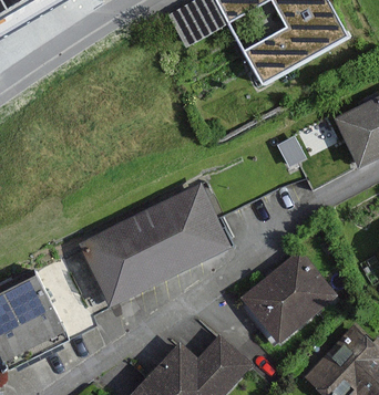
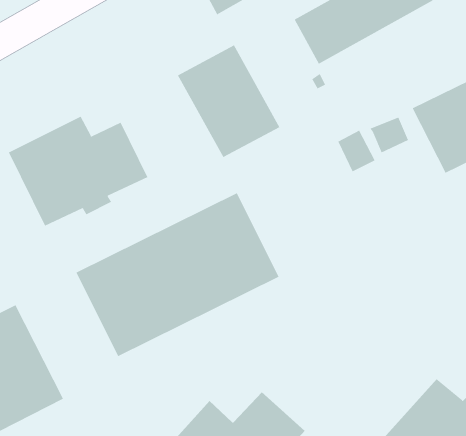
building: none -> [177,45,280,158]
building: none -> [8,116,148,226]
building: [238,249,339,344] -> none

